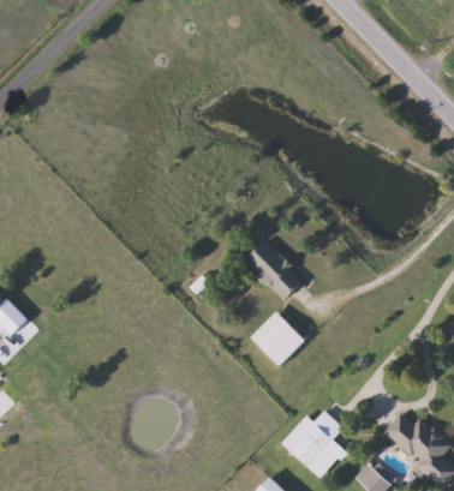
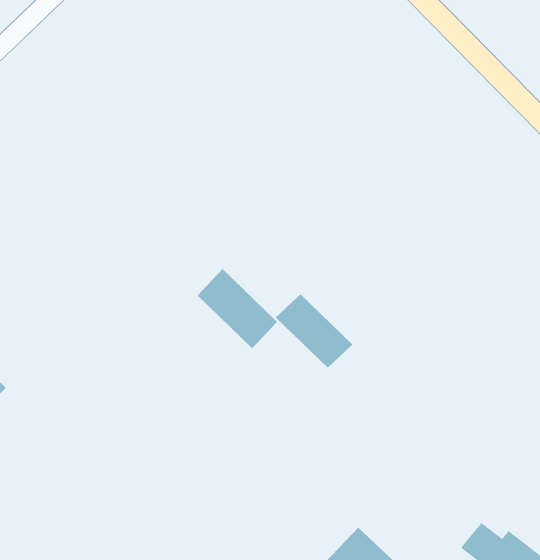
building: none -> [197,268,278,349]
building: [250,311,305,366] -> none

